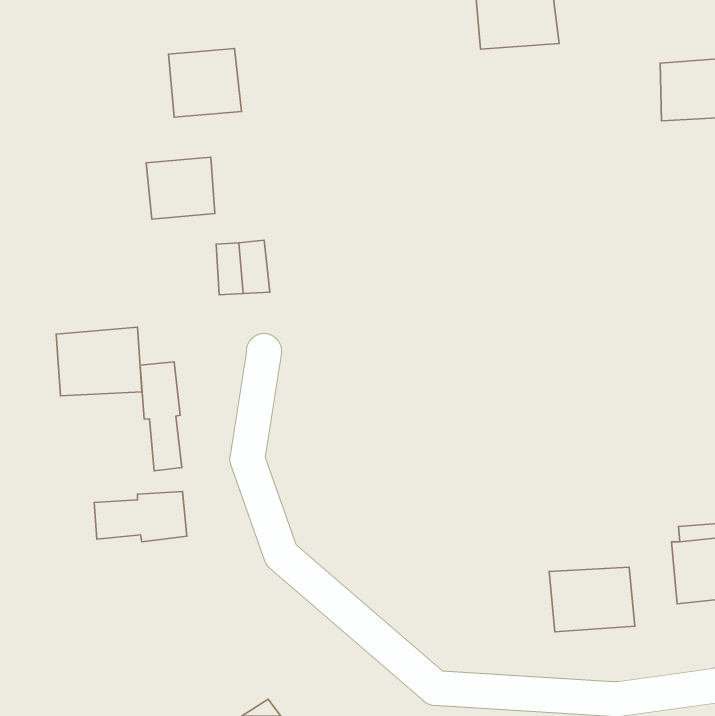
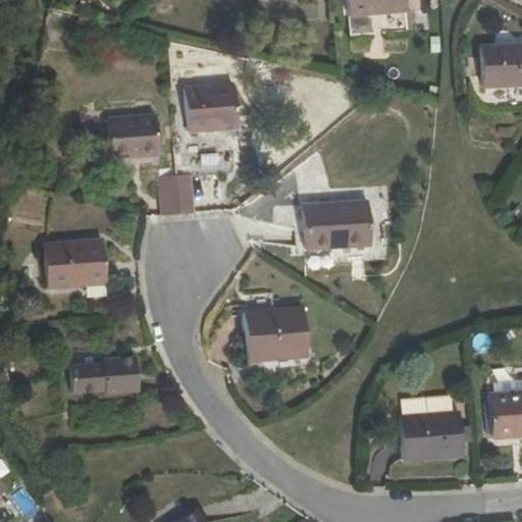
building: [169,48,242,117] -> [185,83,238,133]
building: none -> [303,200,371,248]
building: [140,362,182,471] -> none
building: none -> [245,306,307,361]

